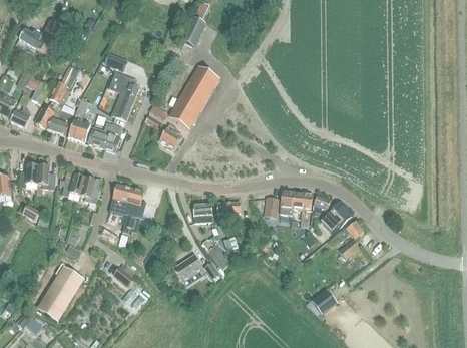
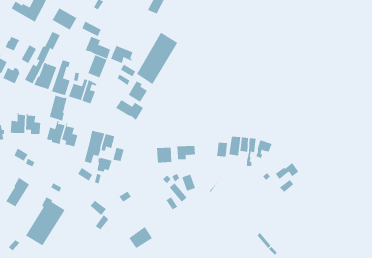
building: none -> [52,7,77,30]
building: none -> [111,45,133,64]
building: none -> [49,95,67,121]
building: none -> [115,99,144,121]
building: [321,199,352,232] -> none
building: none -> [6,177,30,207]
building: [174,254,203,281] -> [128,226,153,249]

